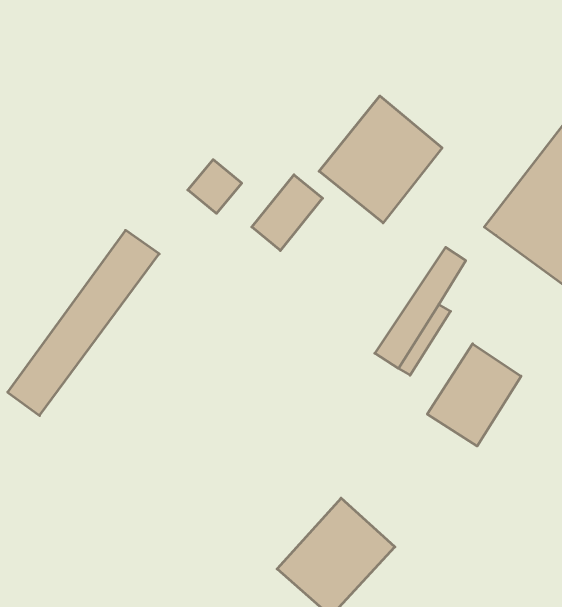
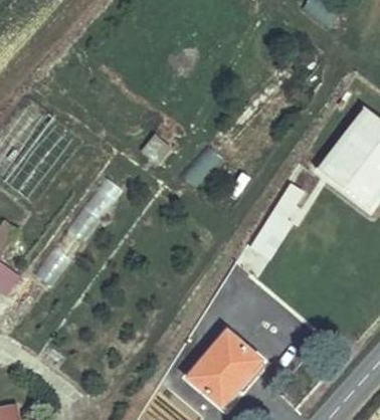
building: [319,96,442,223] -> none
building: [427,344,521,446] -> none

